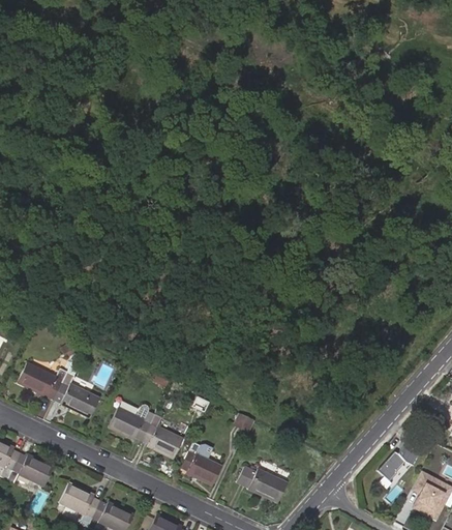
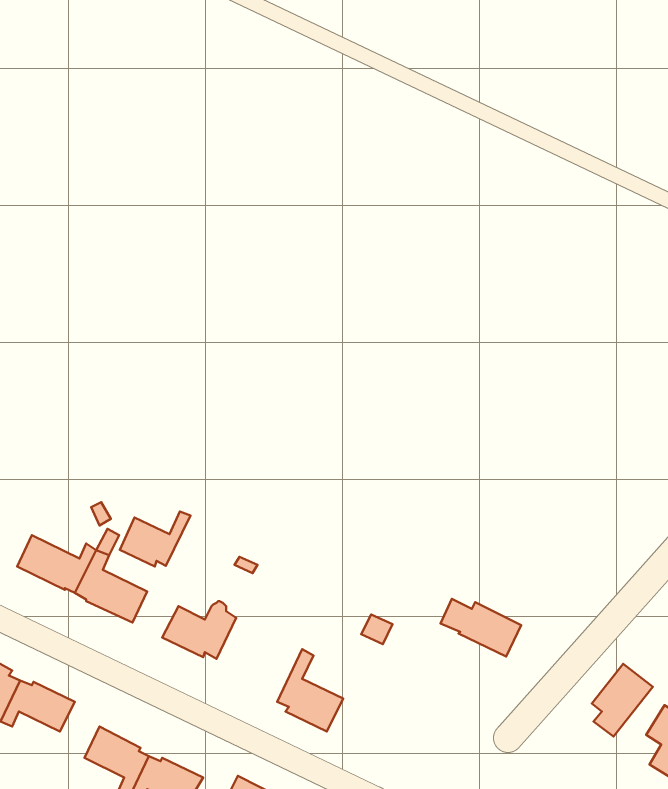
building: none -> [120,512,190,566]
building: [143,414,183,459] -> none
building: [237,466,288,502] -> [440,599,521,657]

